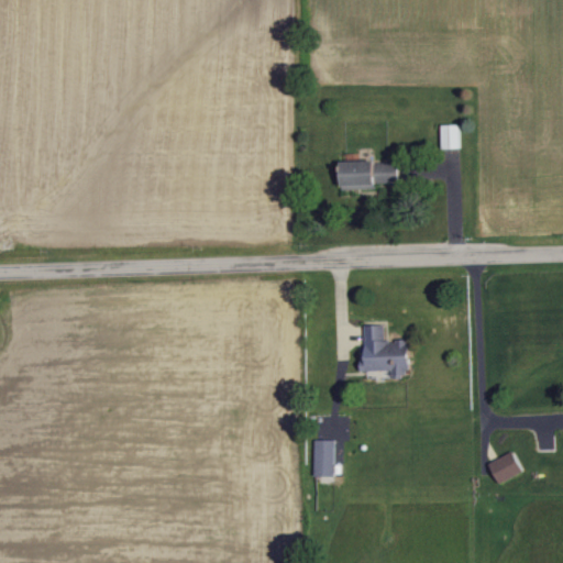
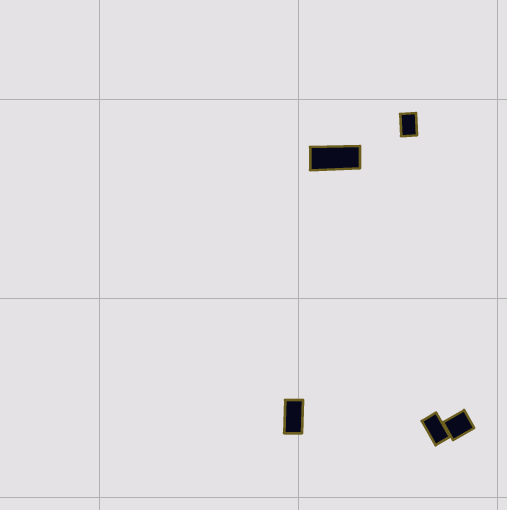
building: [361,325,408,377] -> none
building: none -> [422,413,450,445]

